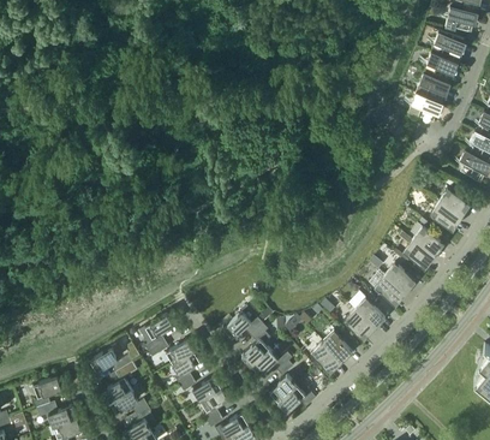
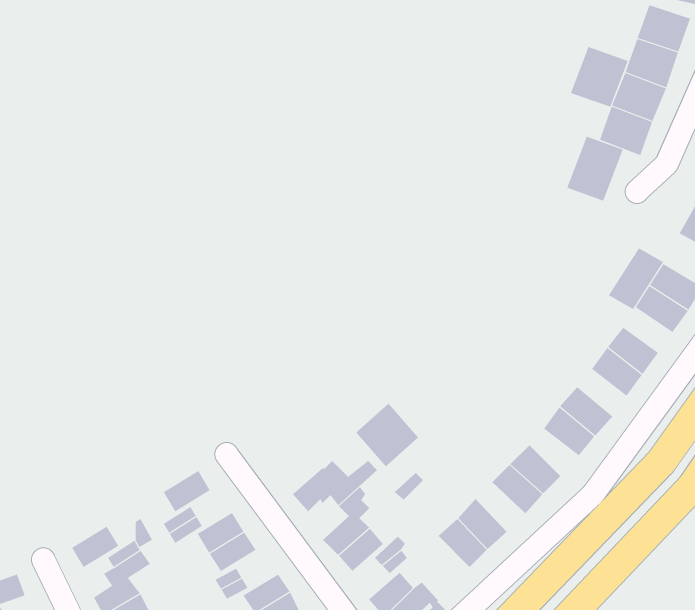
building: none -> [570,46,628,108]
building: none -> [566,136,624,202]
building: none -> [608,248,664,310]
building: none -> [356,403,419,467]

